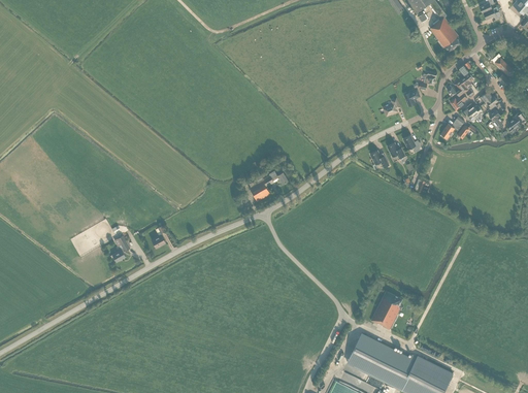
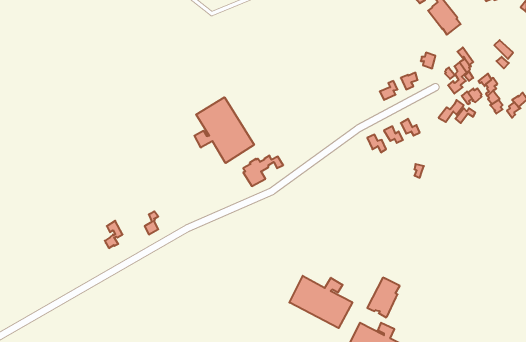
building: none -> [194,97,254,163]
building: none -> [289,276,352,328]

